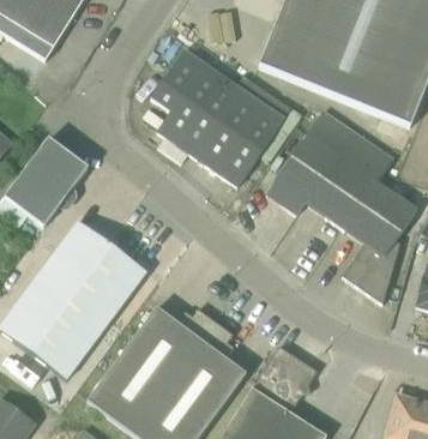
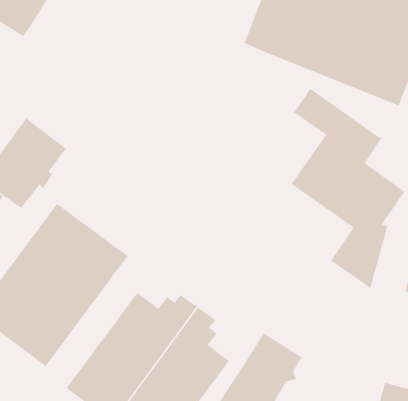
building: [152,49,285,186] -> none
building: [267,132,339,214] -> none

